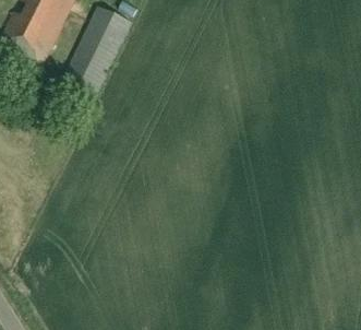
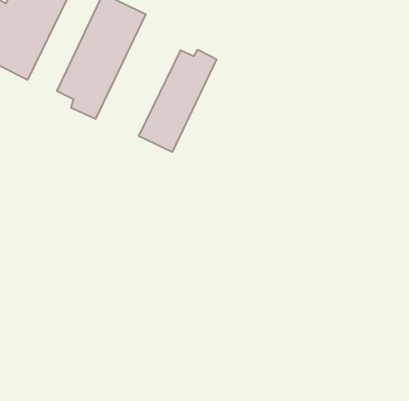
building: none -> [139,50,217,152]

